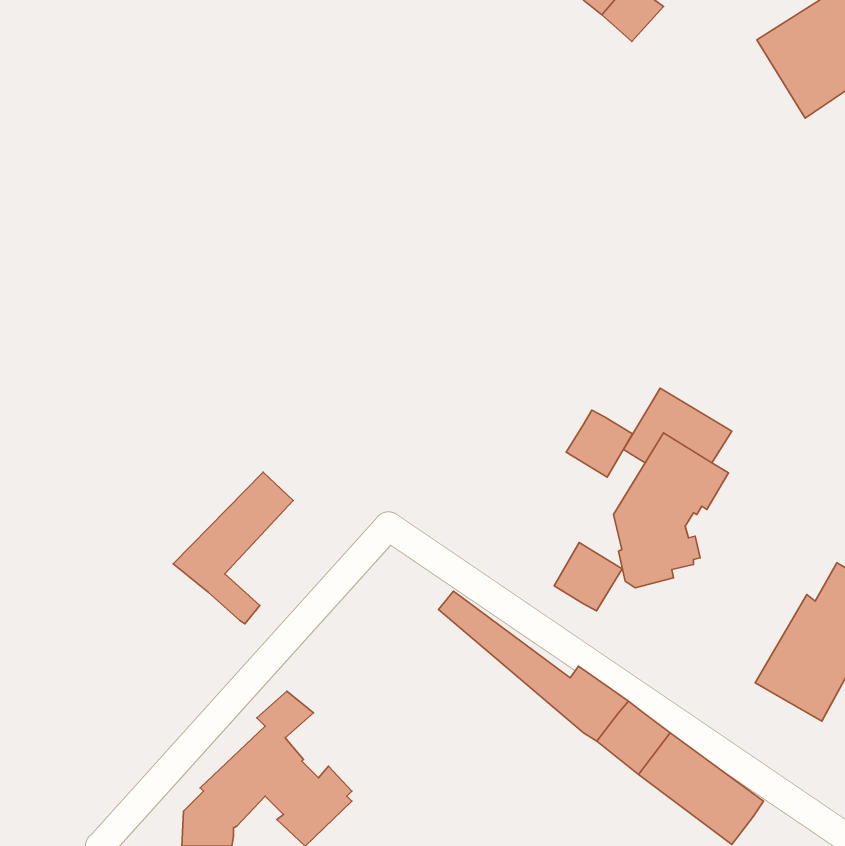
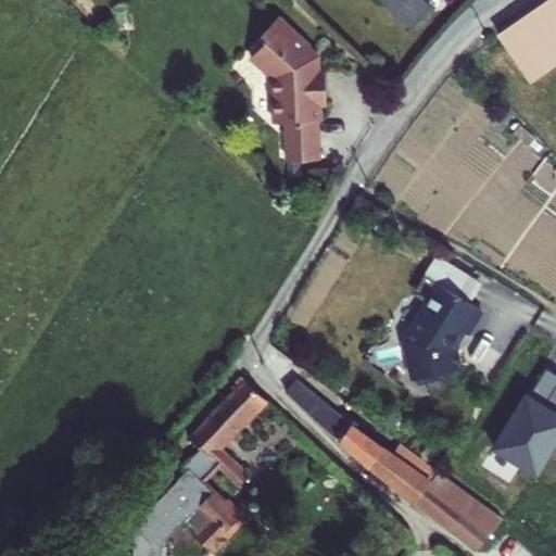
building: none -> [255,27,331,170]
building: [566,410,632,477] -> none
building: [173,472,293,624] -> [186,387,264,485]
building: [554,543,622,611] -> none

